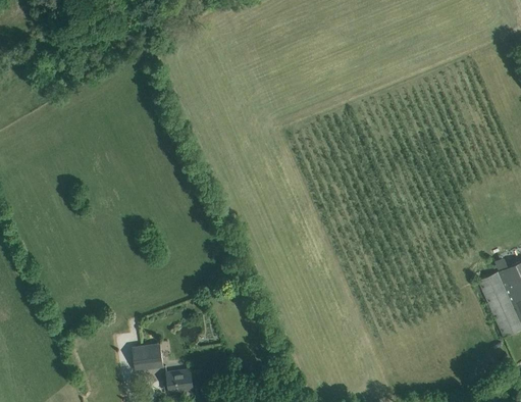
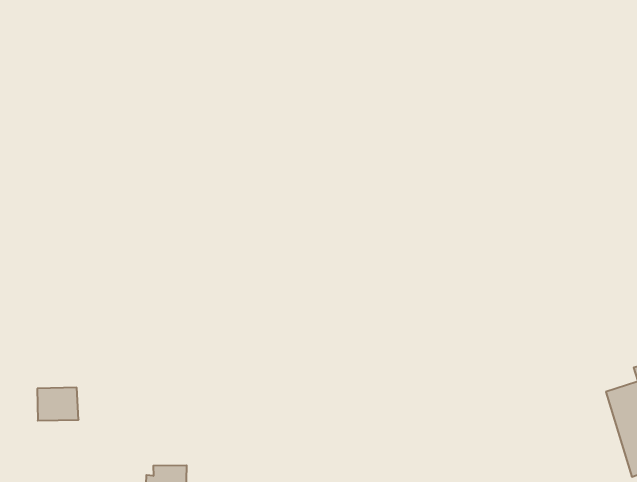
building: [133,345,164,371] -> [37,388,79,421]

